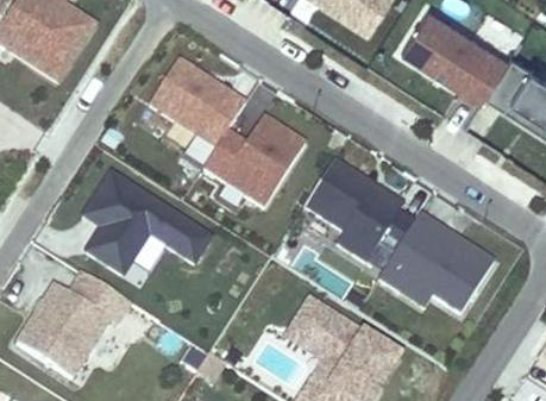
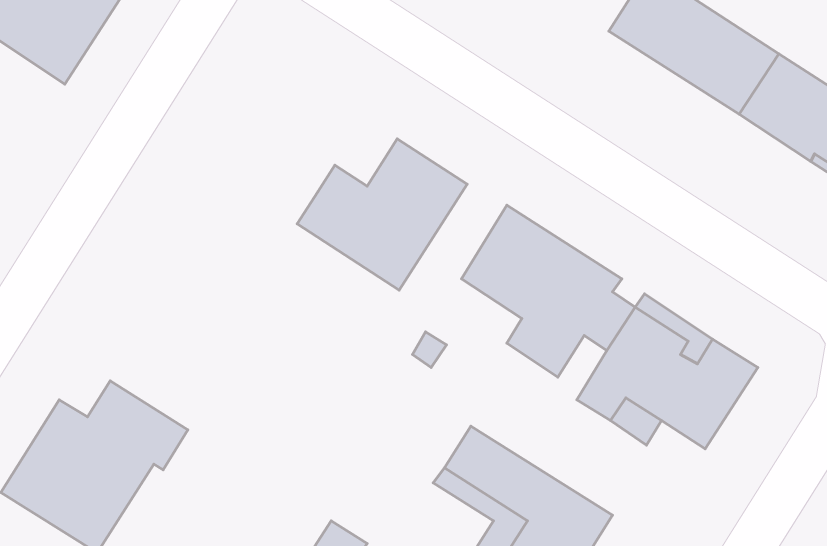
building: [148,59,245,149] -> none
building: [76,164,214,277] -> none

